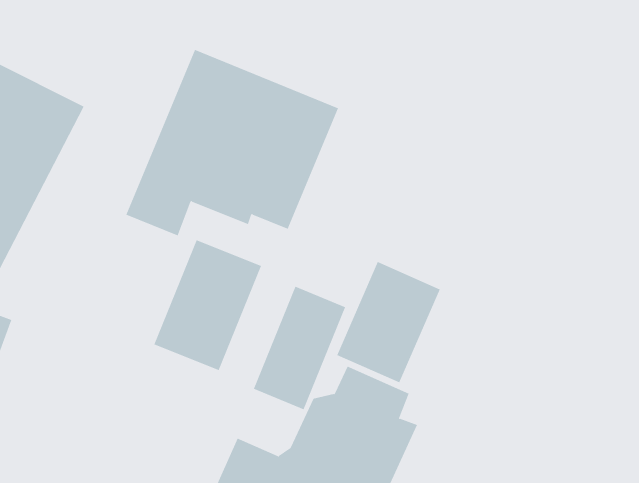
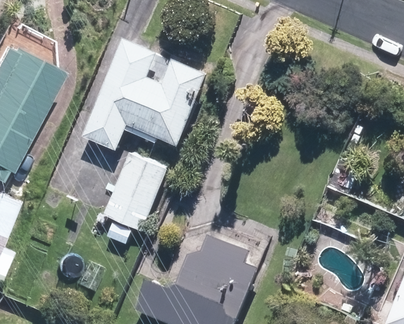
building: [336,261,440,383] -> none
building: [253,286,346,410] -> none

